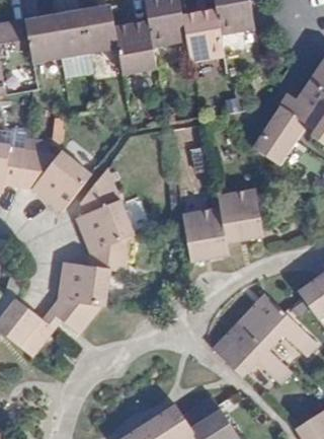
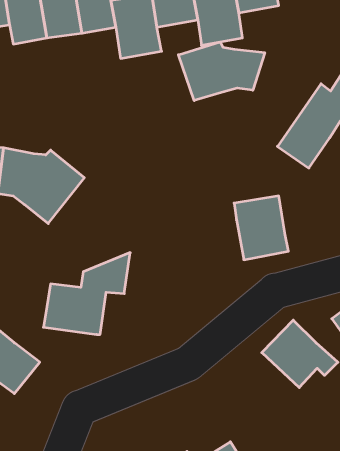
building: none -> [178,42,265,101]
building: [75,167,133,252] -> none
building: [181,209,226,261] -> none
building: [48,299,100,333] -> none
building: [214,320,277,376] -> none

